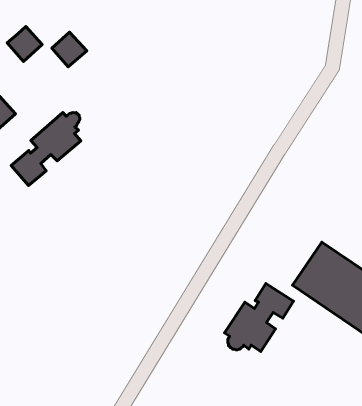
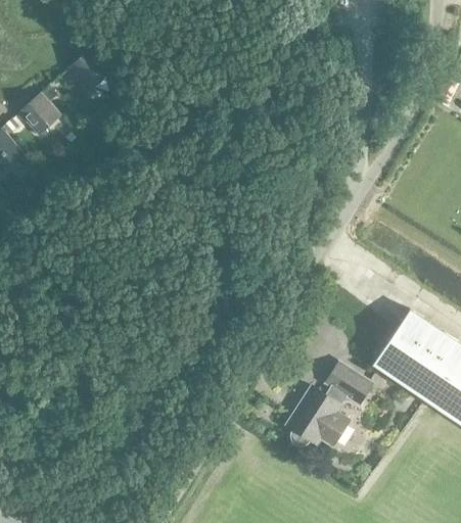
building: [7,27,42,61] -> [18,91,62,135]
building: [11,112,81,186] -> none

